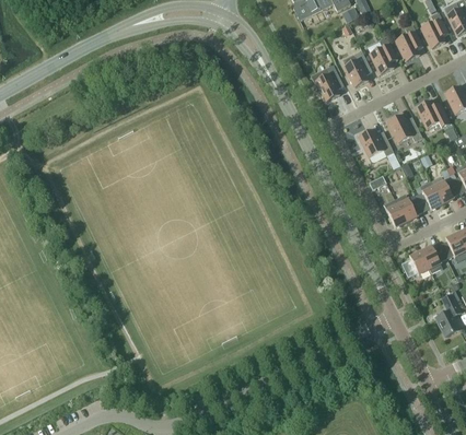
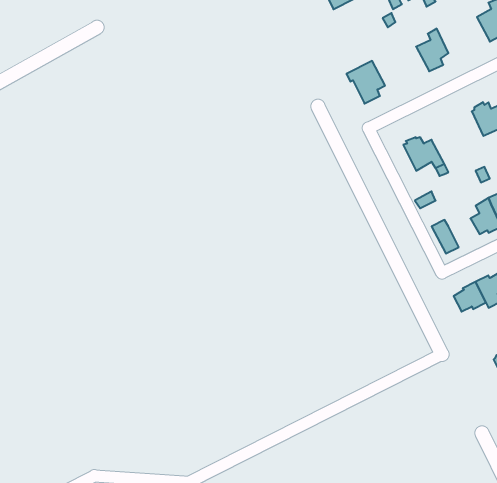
building: [394,25,422,61] -> none
building: [343,50,371,86] -> none
building: [386,114,421,142] -> none
building: [393,193,422,222] -> none

